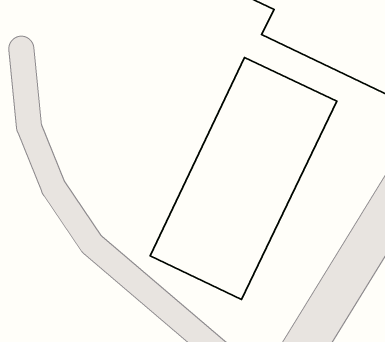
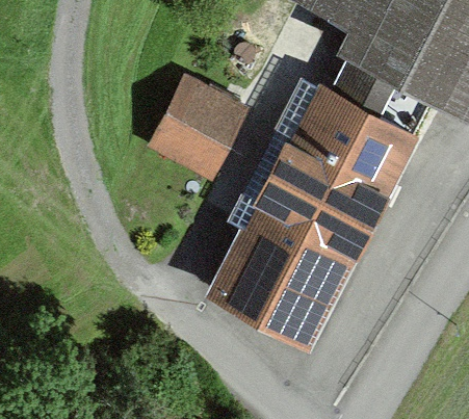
building: none -> [147,76,247,180]

